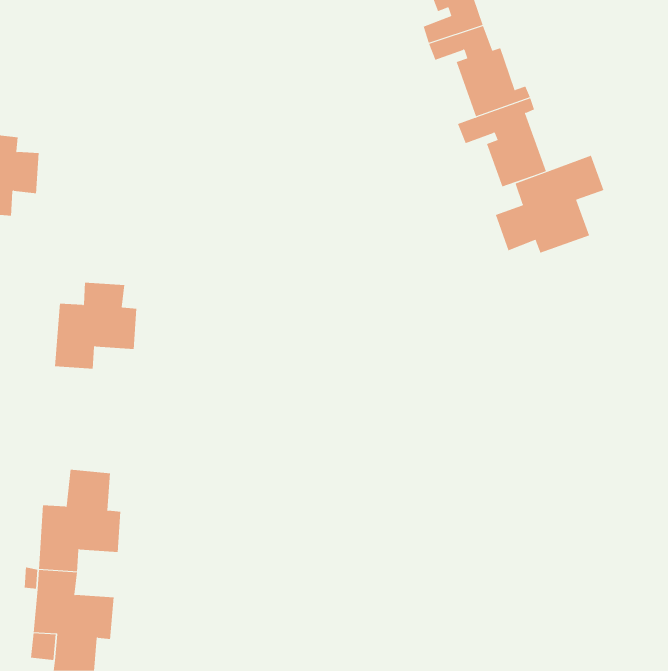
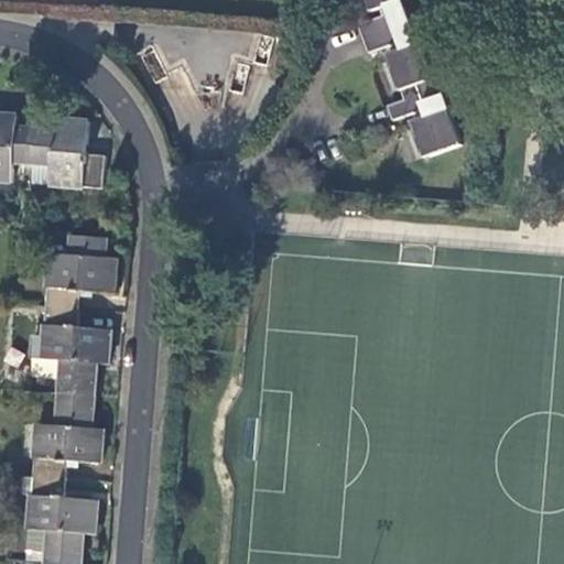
building: none -> [31,118,104,188]
building: [495,155,604,253] -> none
building: none -> [31,306,109,395]

